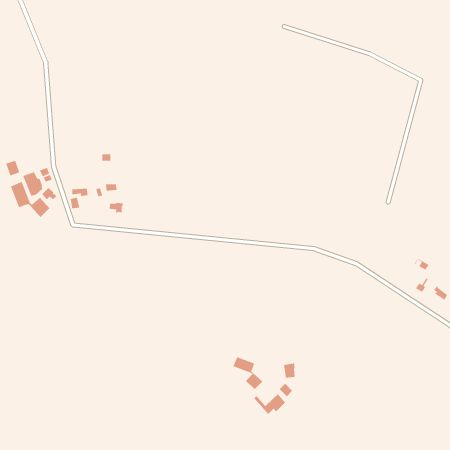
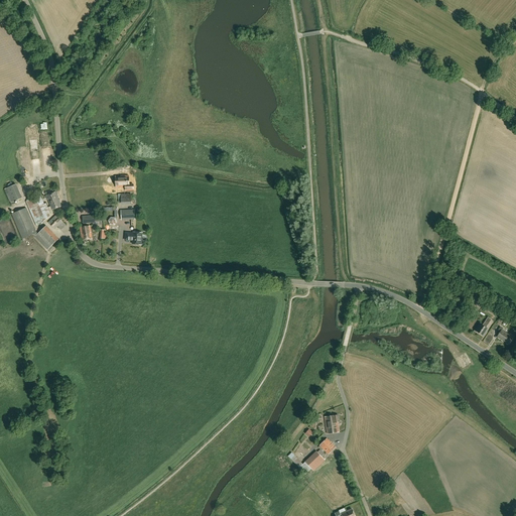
building: [232,356,263,390] -> none

